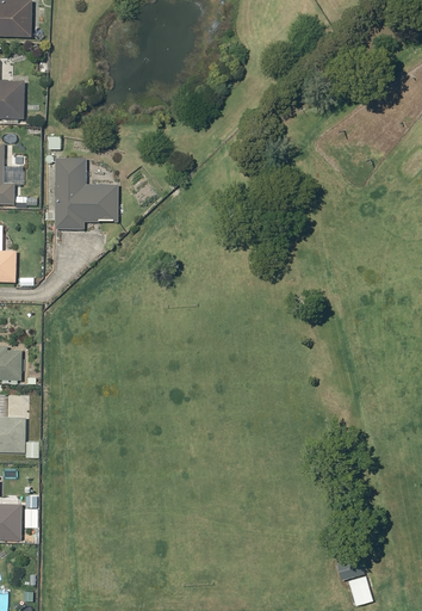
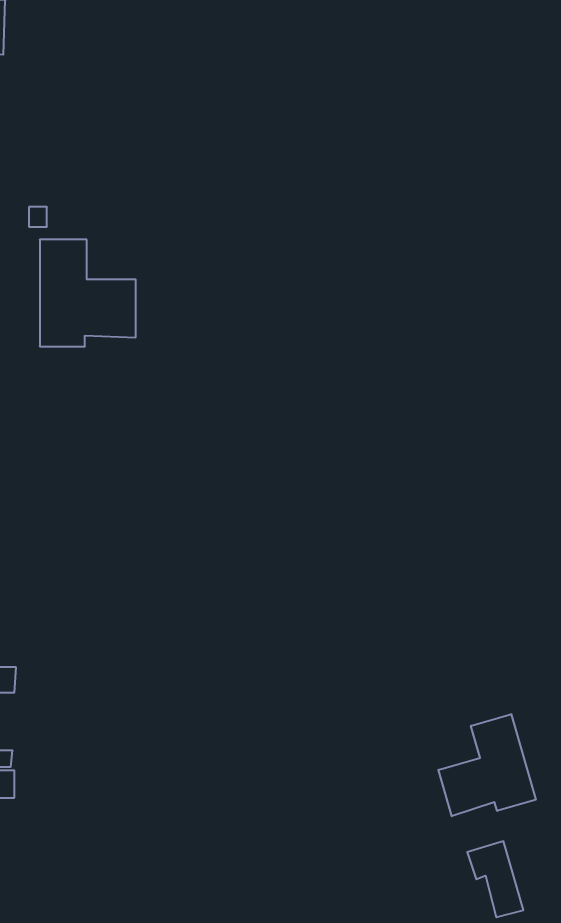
building: none -> [438,714,536,816]

